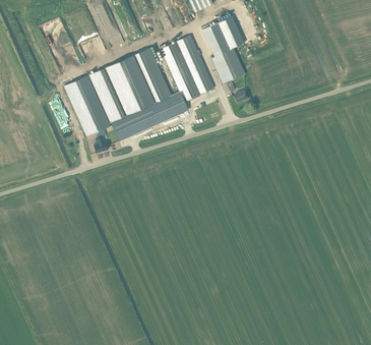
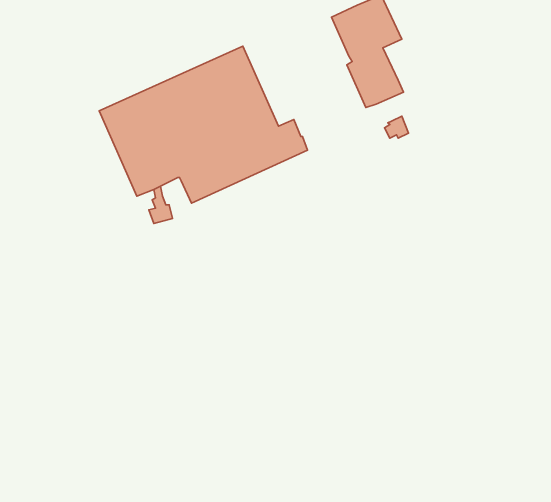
building: [162,35,214,101] -> none

